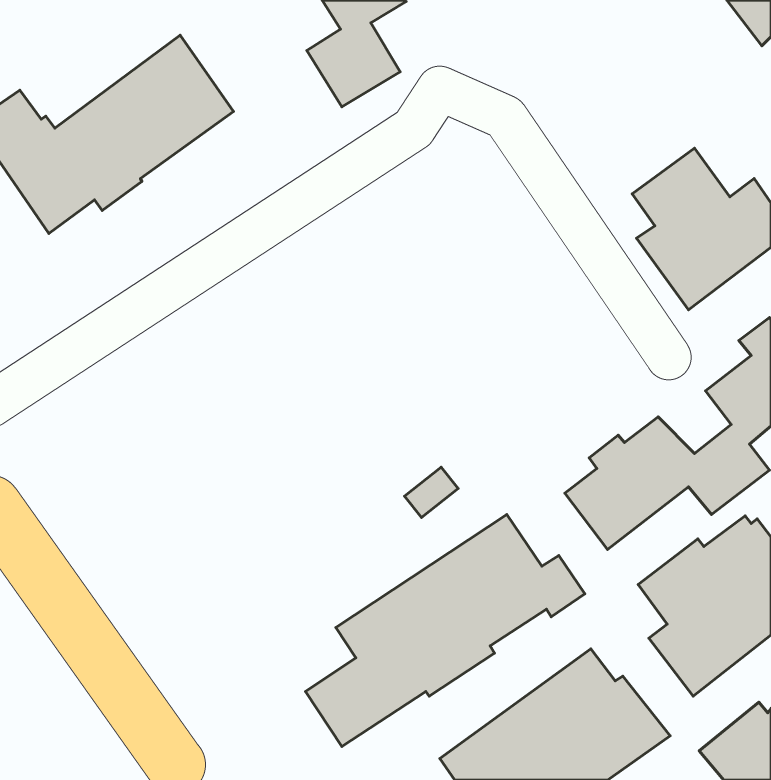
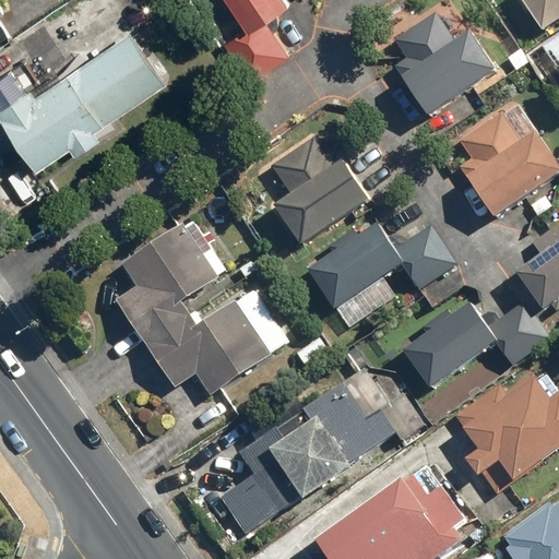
building: none -> [394,12,499,116]
building: none -> [270,141,374,246]
building: none -> [301,198,459,330]
building: none -> [115,216,294,397]

